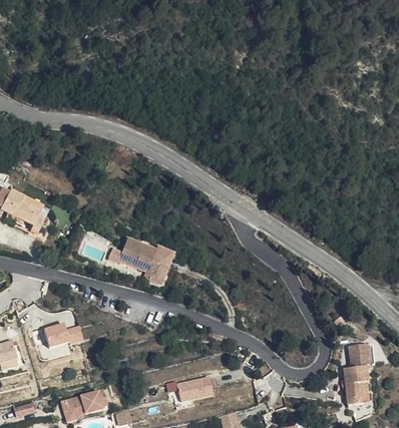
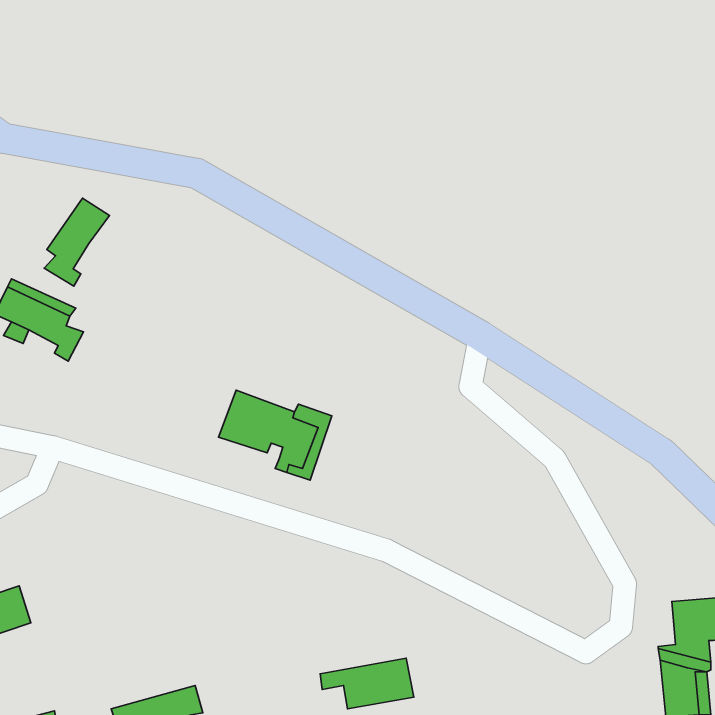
building: none -> [44,198,110,286]
building: [43,323,84,350] -> none

